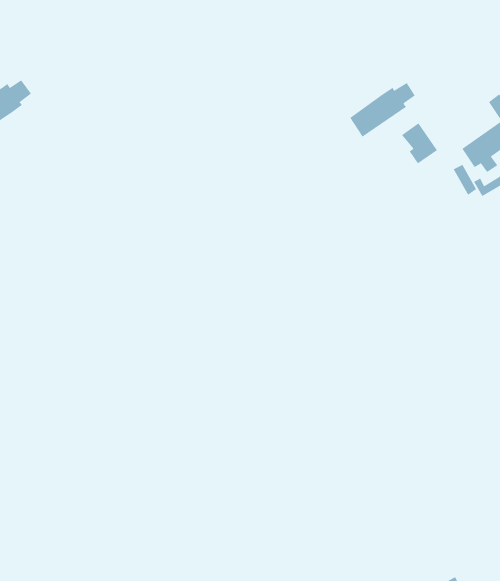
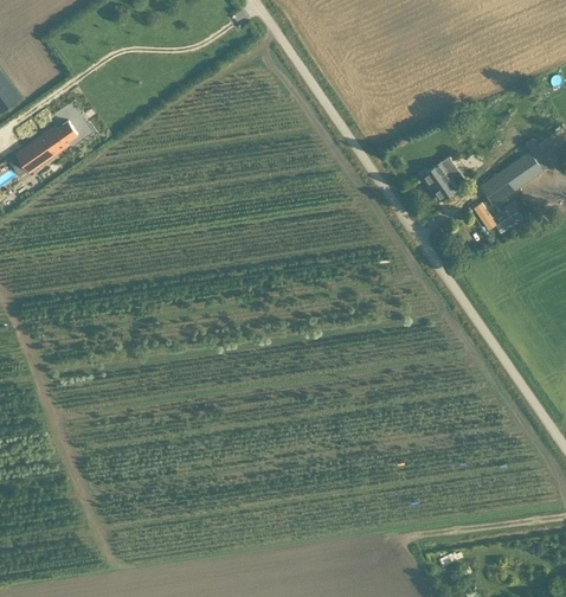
building: [350,82,416,138] -> none

